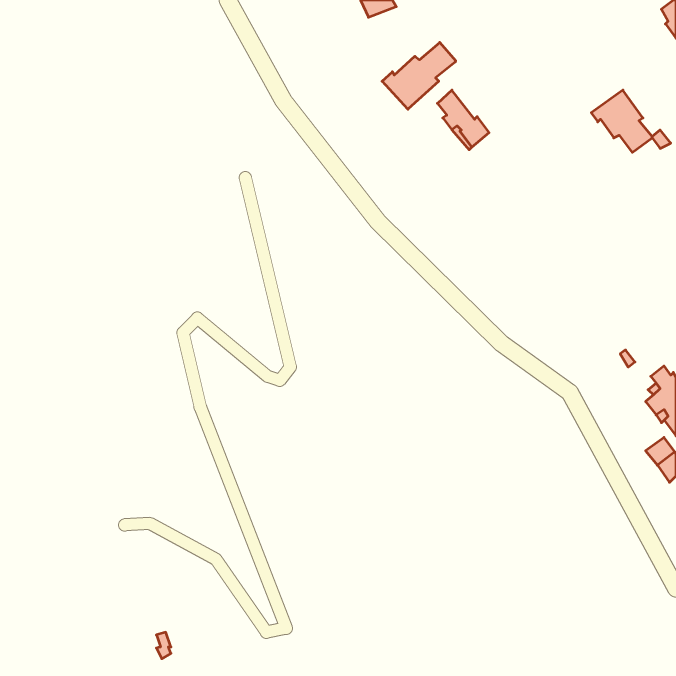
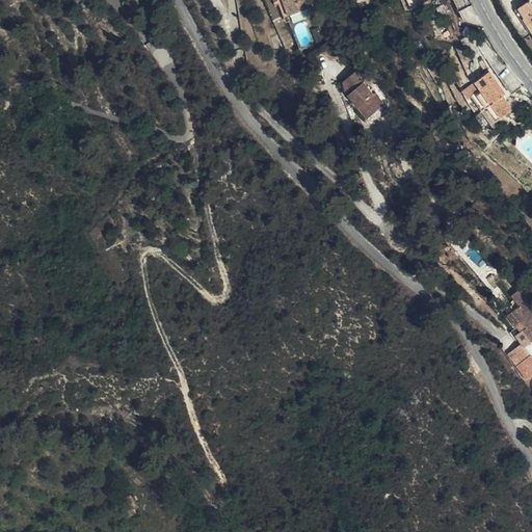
building: [382,42,456,109] -> none

